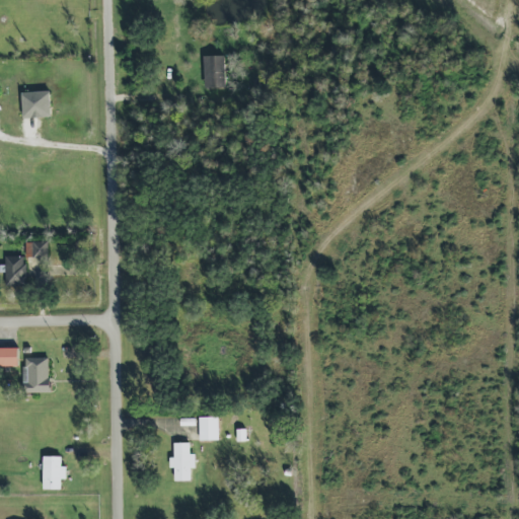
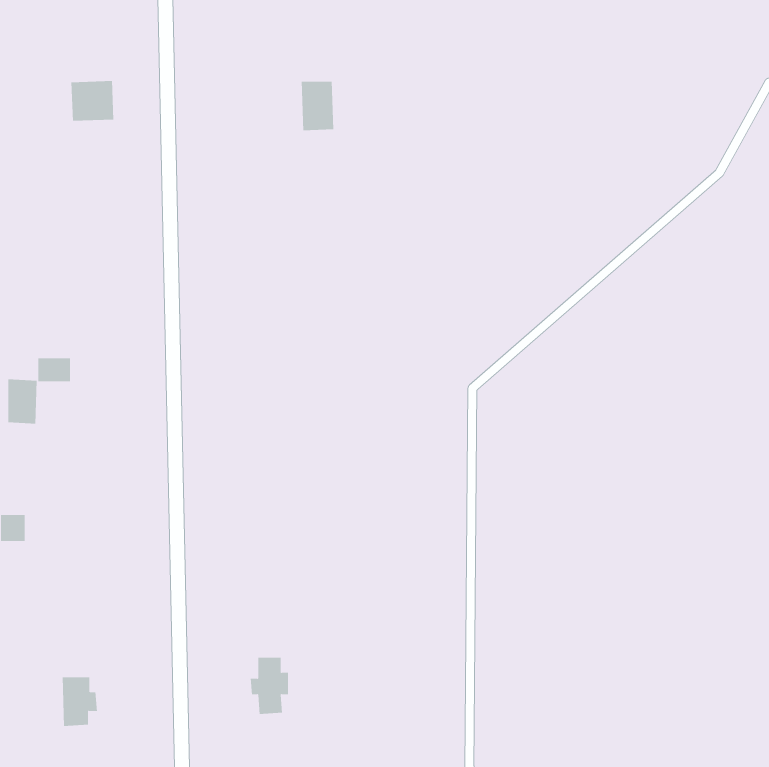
building: [21,91,51,119] -> [71,81,114,121]
building: [24,357,49,392] -> none
building: [199,417,218,440] -> none

